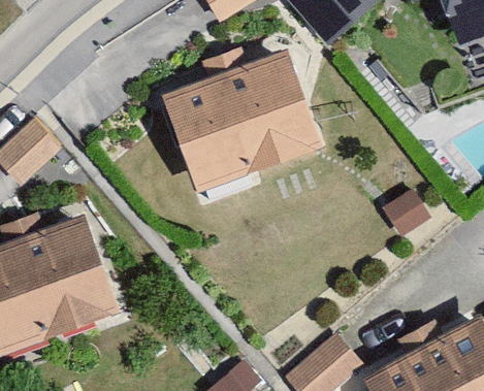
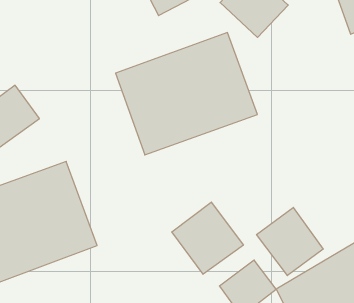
building: none -> [172,202,243,274]
building: none -> [257,207,323,276]

